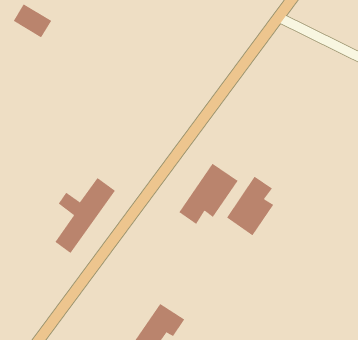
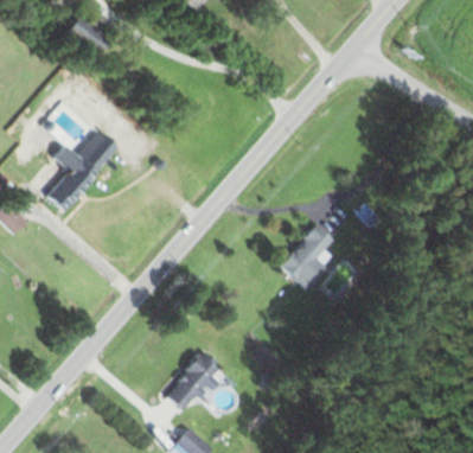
building: [178,163,238,225] -> none
building: [55,177,116,254] -> [46,130,117,211]

